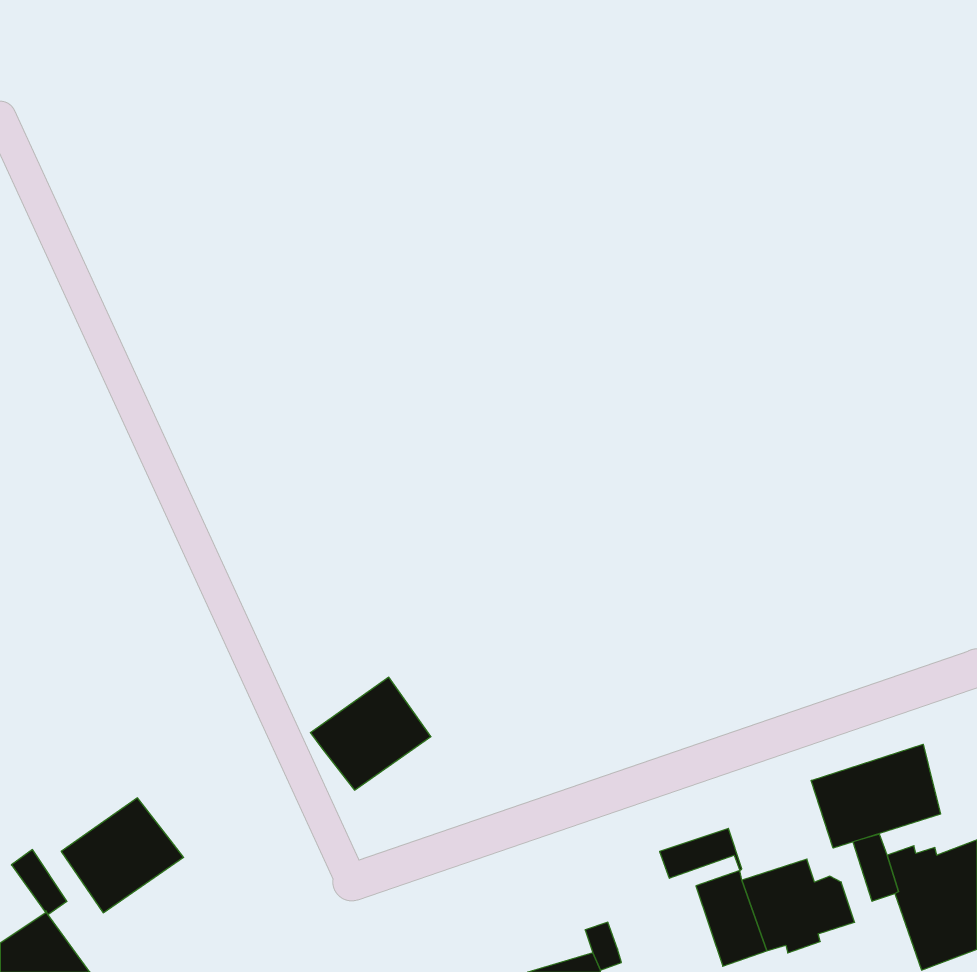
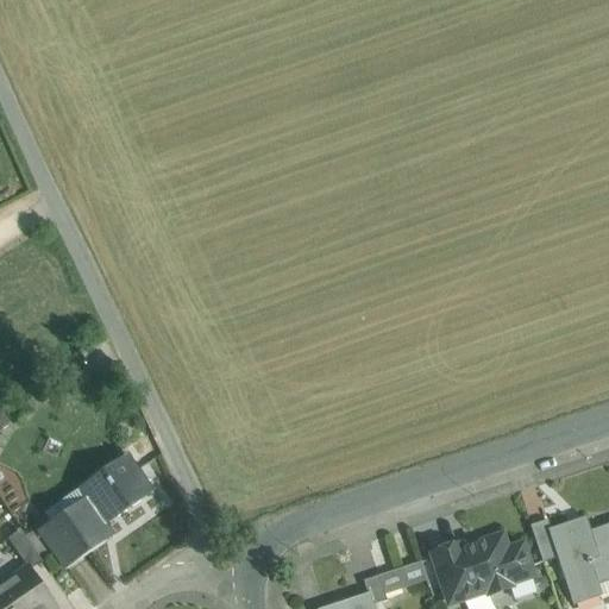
building: [310,677,431,790] -> [79,452,153,522]
building: [811,744,941,848] -> none
building: [660,828,742,878] -> [378,559,429,590]

